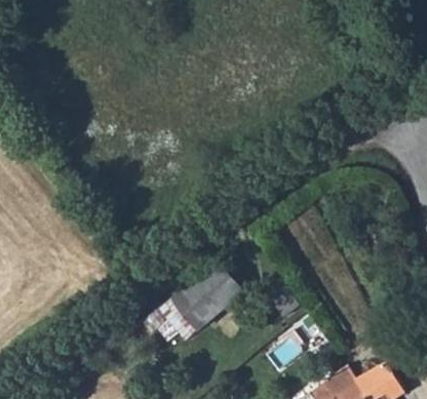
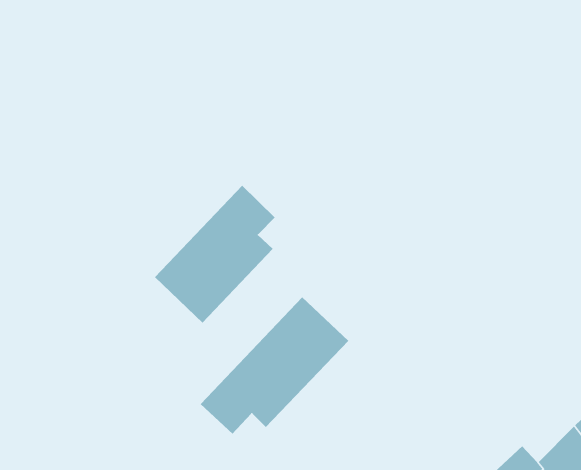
building: none -> [154,185,275,324]

